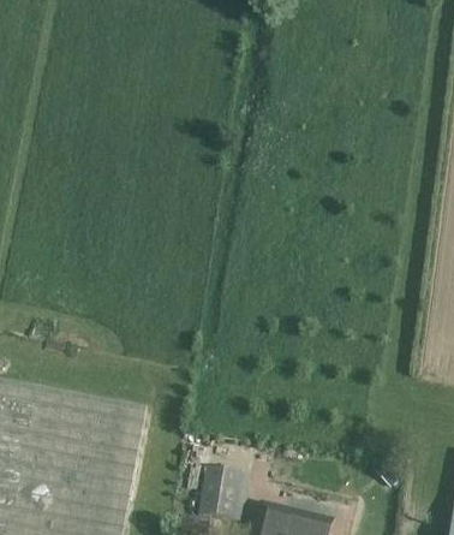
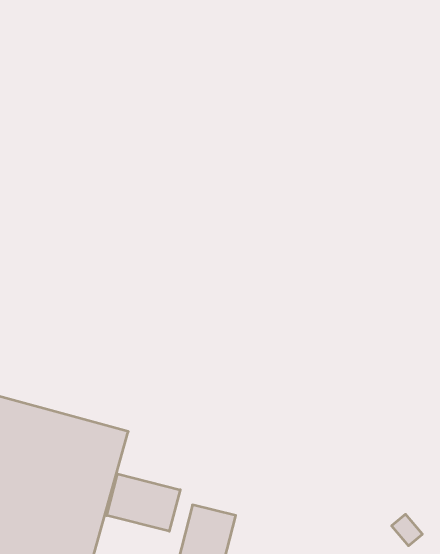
building: none -> [107,474,180,531]

